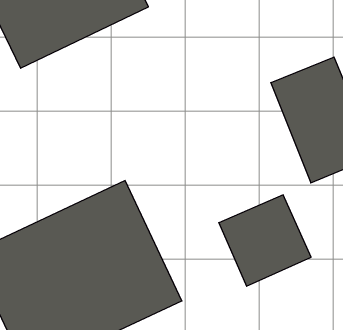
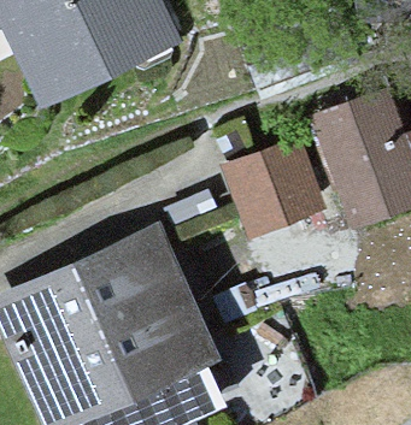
building: [219,195,311,286] -> [222,141,322,240]

